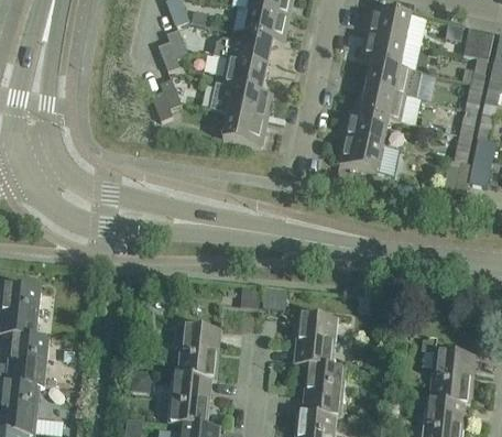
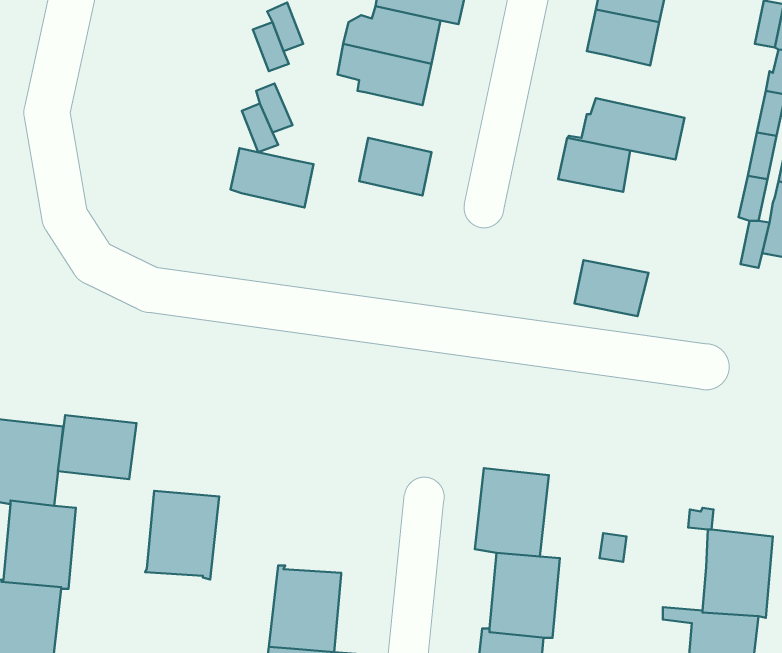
building: [367,59,422,97] -> none
building: [221,83,272,119] -> [231,148,314,208]
building: [338,135,383,170] -> [574,260,649,316]
building: none -> [58,415,137,479]
building: [176,324,221,378] -> [145,491,219,579]

